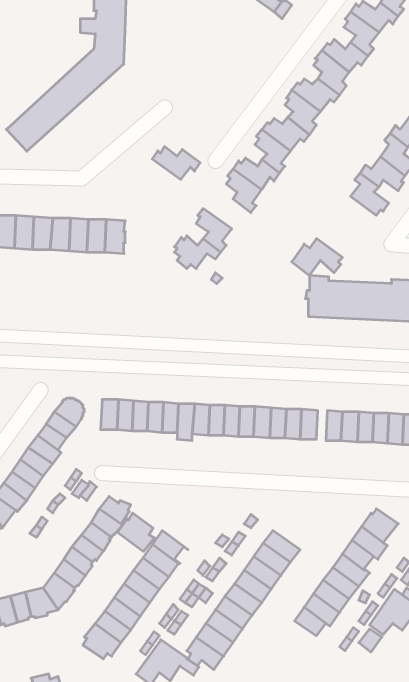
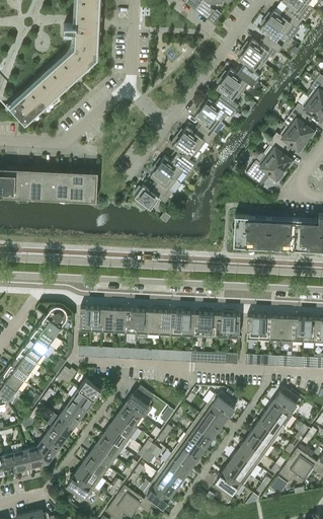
building: [152,147,200,179] -> [155,157,190,181]
building: [292,239,342,275] -> [246,157,284,184]
building: none -> [207,392,236,420]
building: [118,513,154,551] -> [125,391,152,420]
building: none -> [214,472,243,499]

